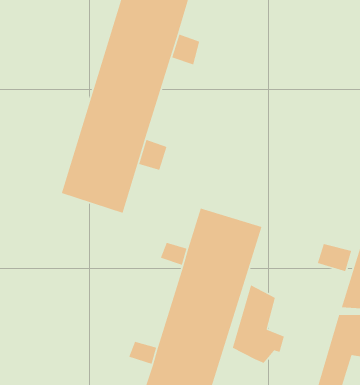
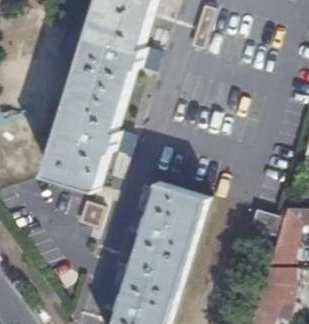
building: [232,284,285,364] -> none

